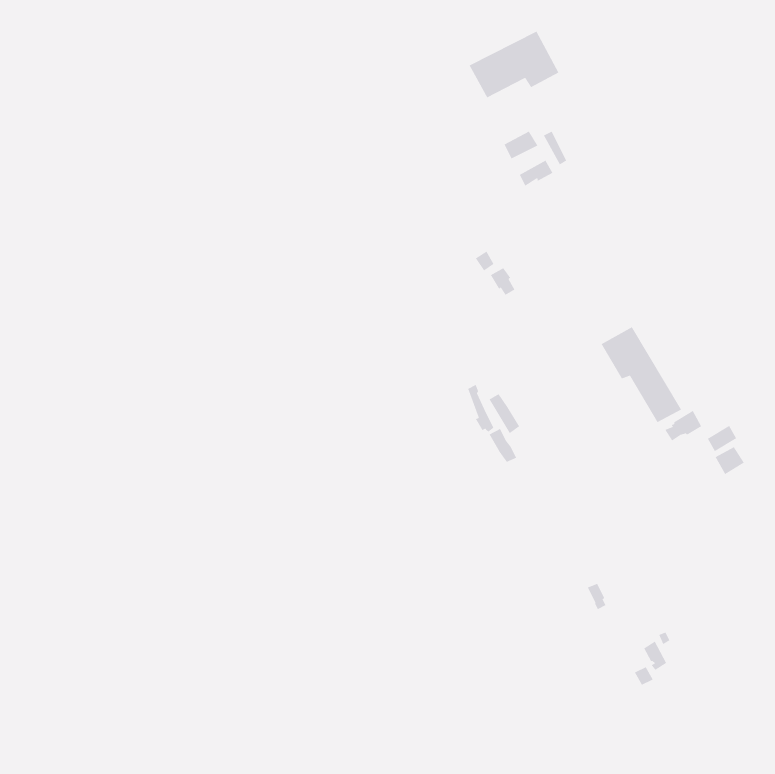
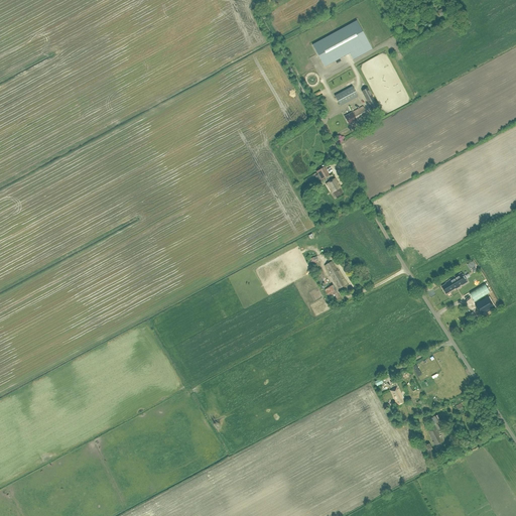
building: [601,326,682,423] -> none

